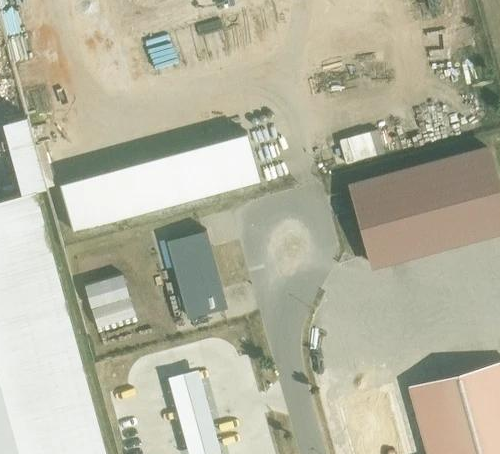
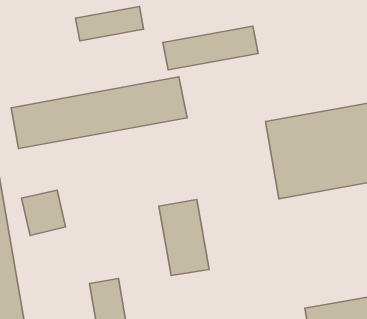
building: none -> [76,7,144,41]
building: none -> [163,26,258,70]
building: [165,232,227,319] -> [159,200,209,275]

